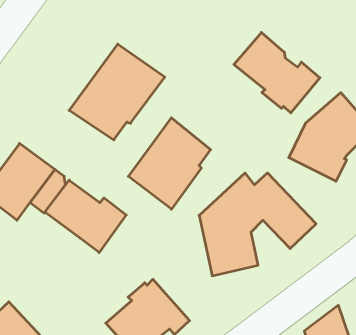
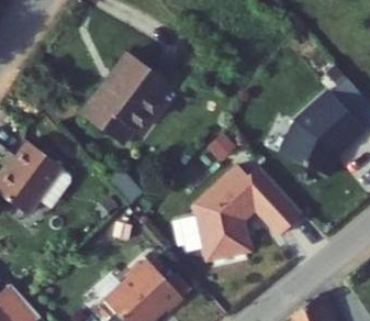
building: [234,32,320,113] -> none
building: [128,118,211,209] -> none
building: [45,180,126,253] -> none

